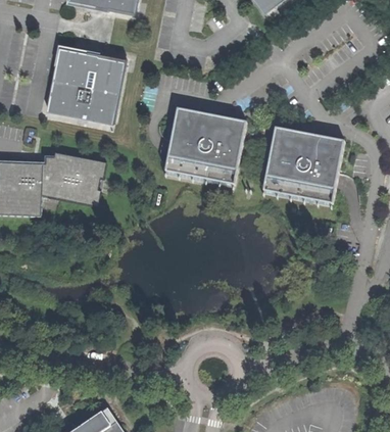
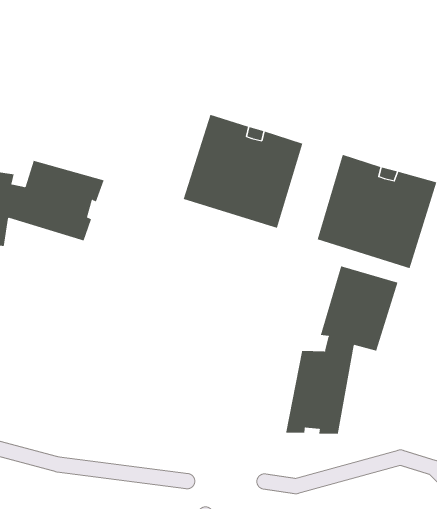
building: [48,43,127,121] -> none
building: none -> [285,266,398,435]

